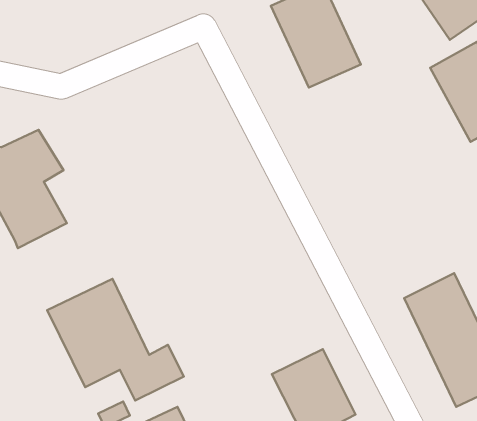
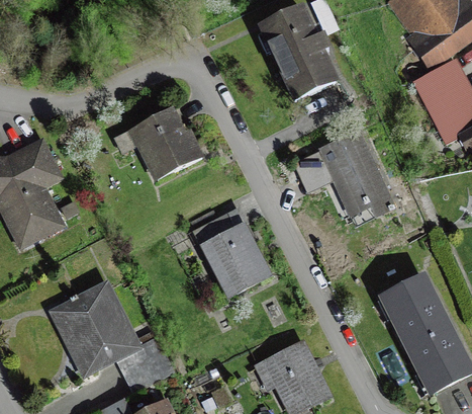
building: none -> [128,104,201,179]
building: none -> [294,132,395,225]
building: none -> [190,204,272,298]

